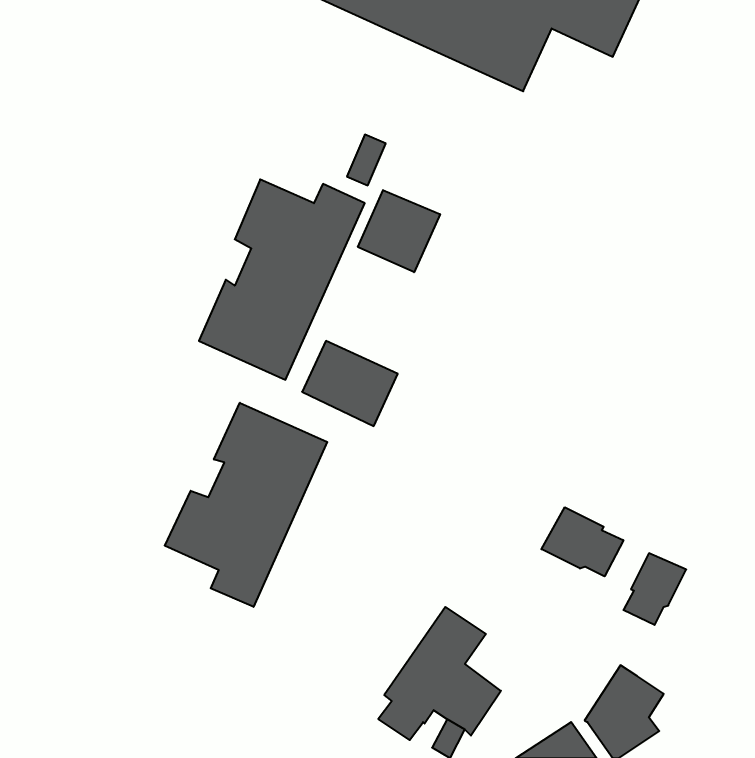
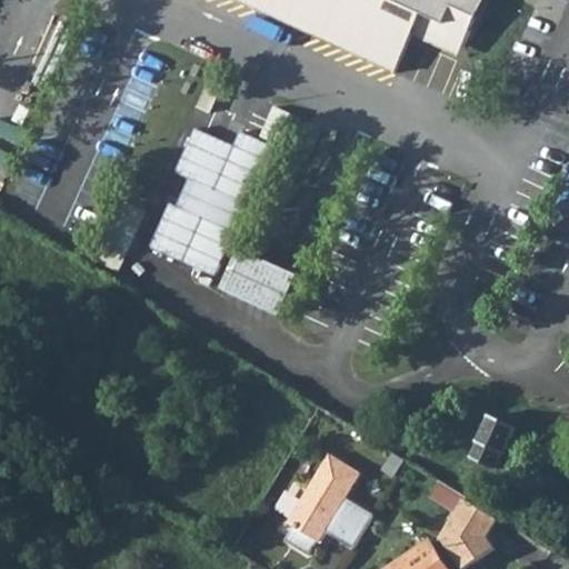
building: [358,190,440,272] -> none
building: [165,403,327,607] -> none
building: [541,507,623,576] -> none

